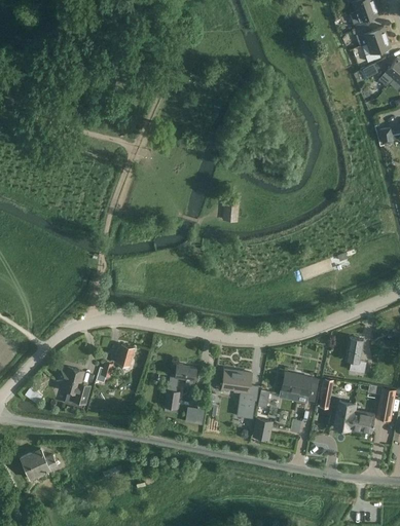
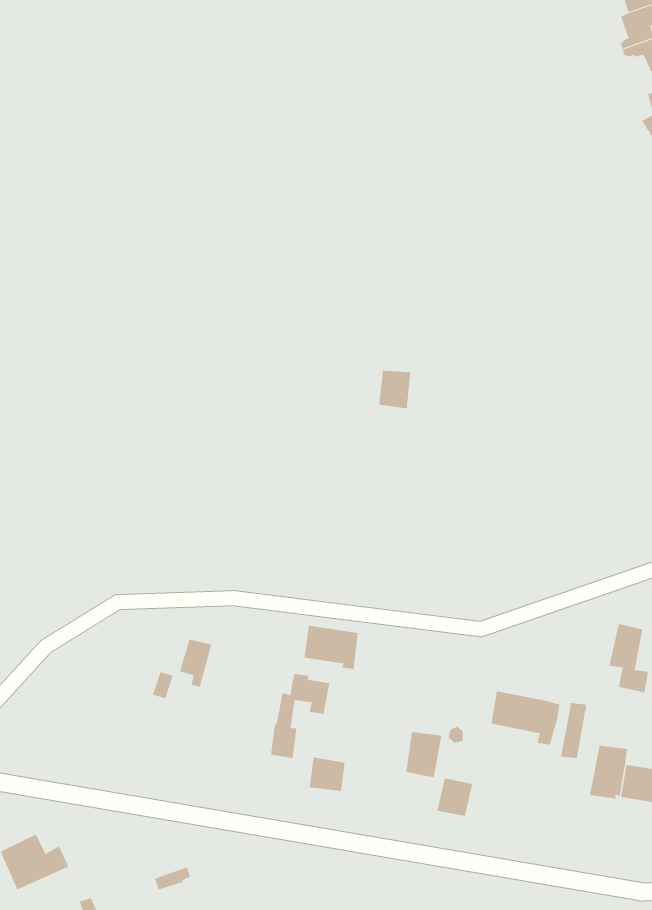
building: [58,368,90,409] -> none
building: [221,370,251,393] -> [302,625,359,670]

